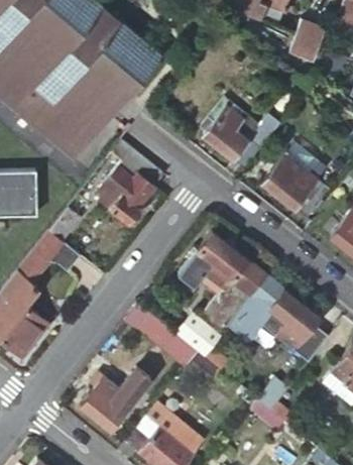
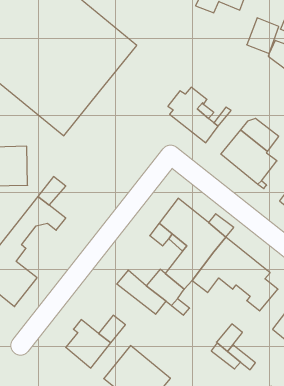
building: [98,139,164,224] -> none

